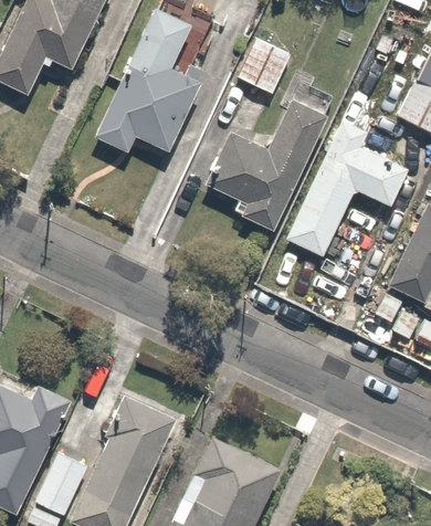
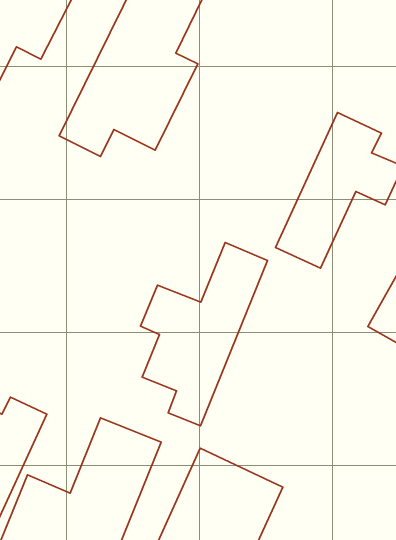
building: [234,42,291,99] -> none
building: [198,101,328,235] -> none
building: none -> [140,243,268,426]

